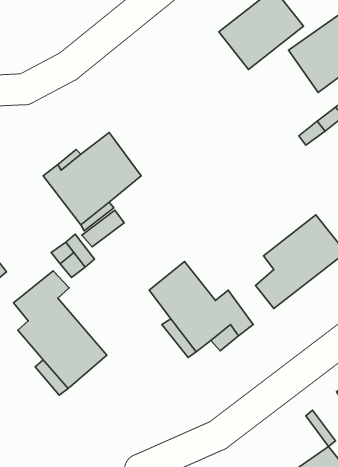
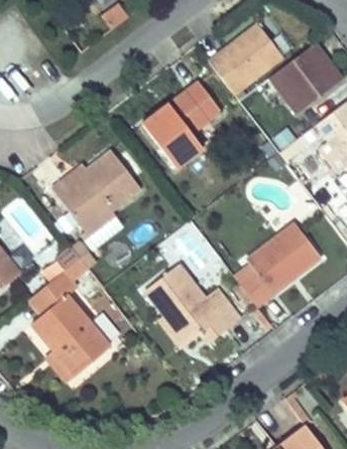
building: none -> [142,81,221,167]

